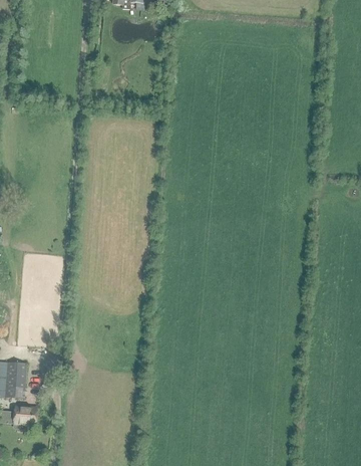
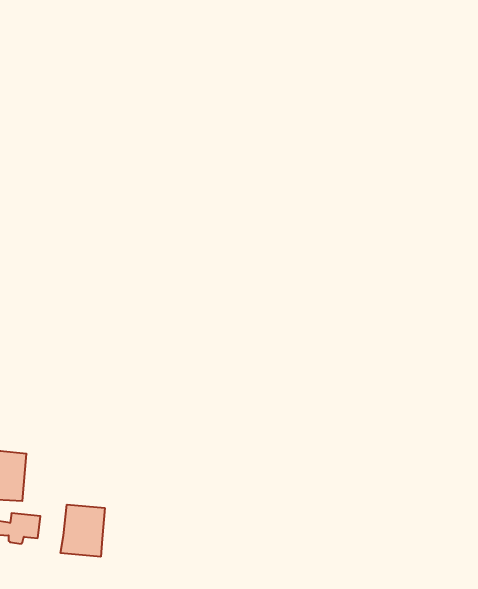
building: none -> [61,505,105,557]

